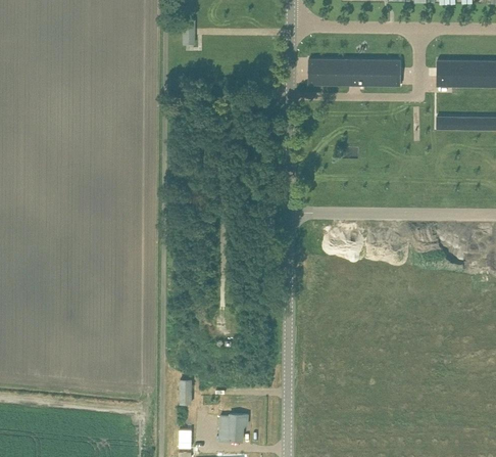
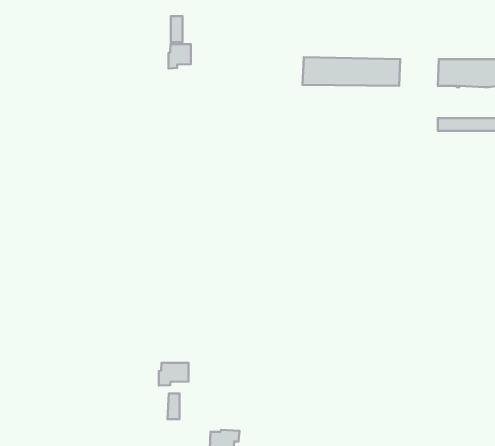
building: none -> [168,44,191,68]
building: none -> [159,363,189,386]

